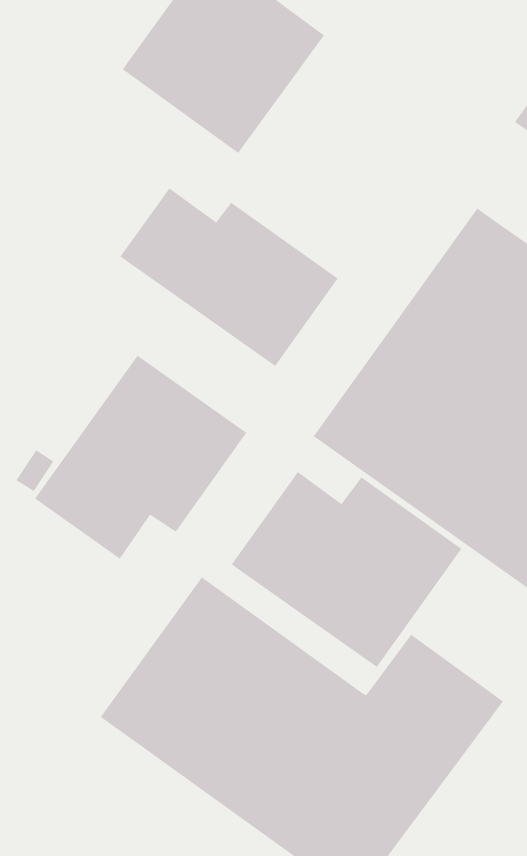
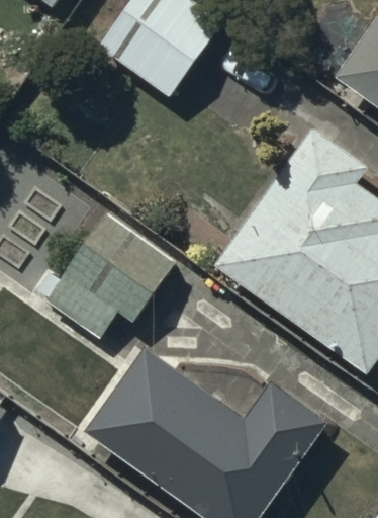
building: [120,188,339,367] -> none
building: [231,471,462,668] -> none

